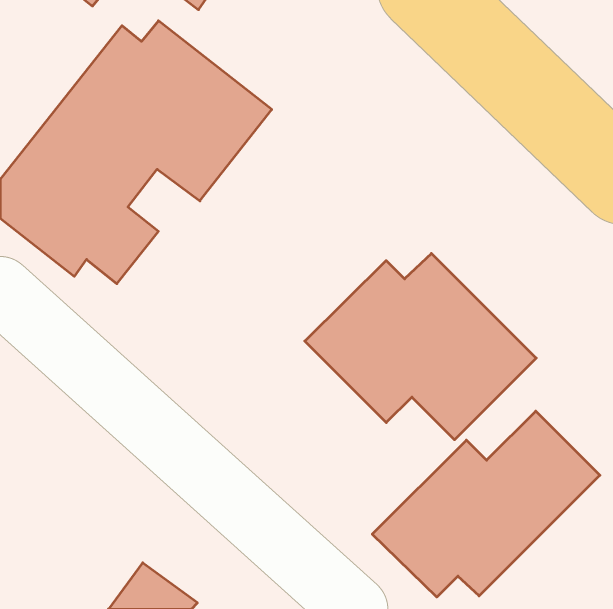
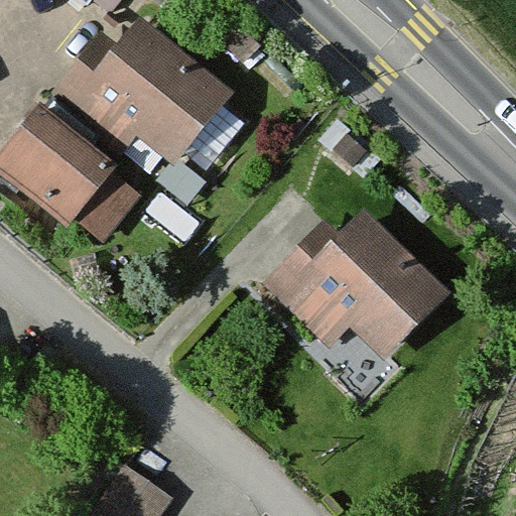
building: [372,411,600,597] -> none

